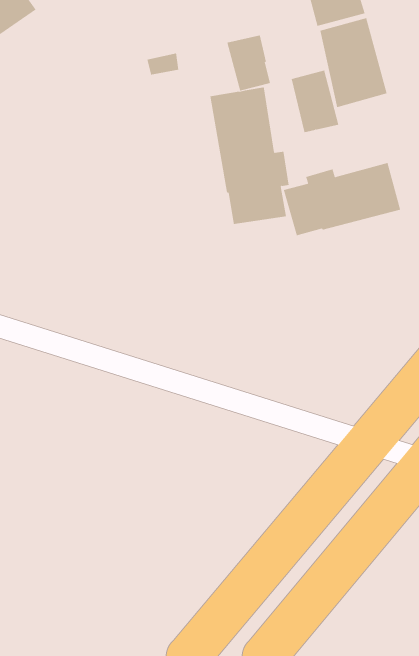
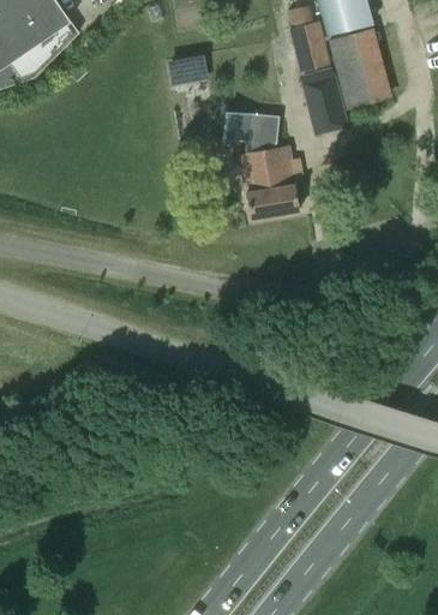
building: [226,35,271,91] -> [289,22,330,73]
building: [283,162,401,236] -> none

